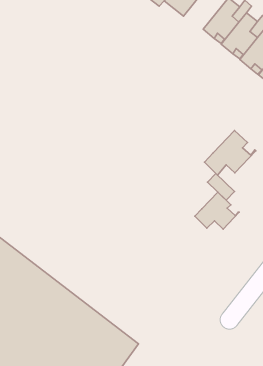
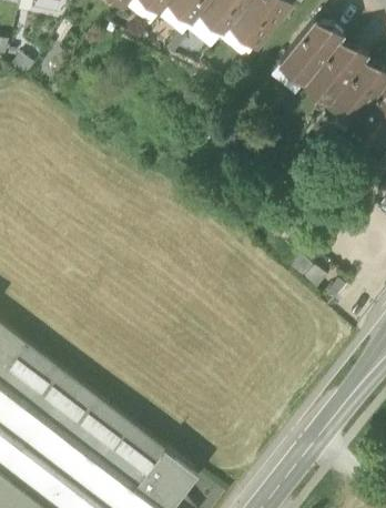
building: [204,130,256,175] -> none
building: [195,192,239,229] -> none

